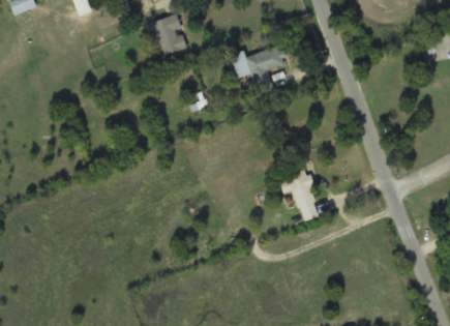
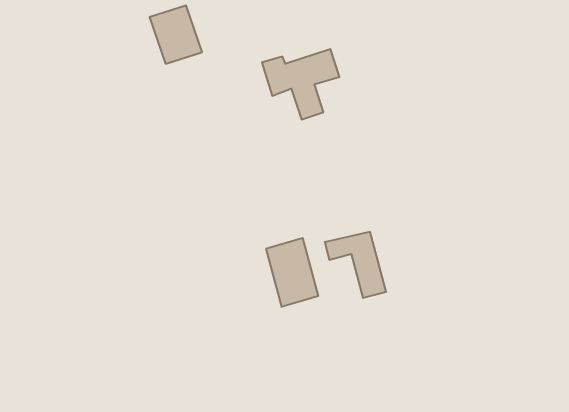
building: none -> [266,238,318,307]

